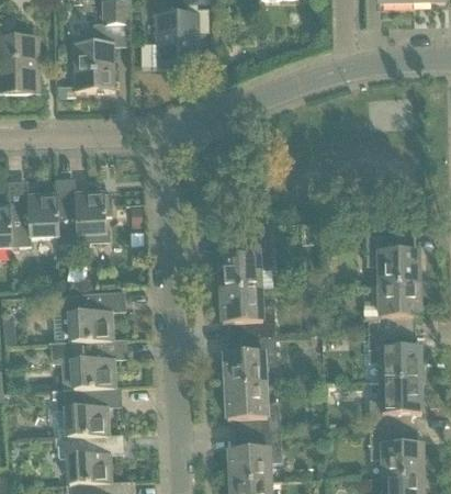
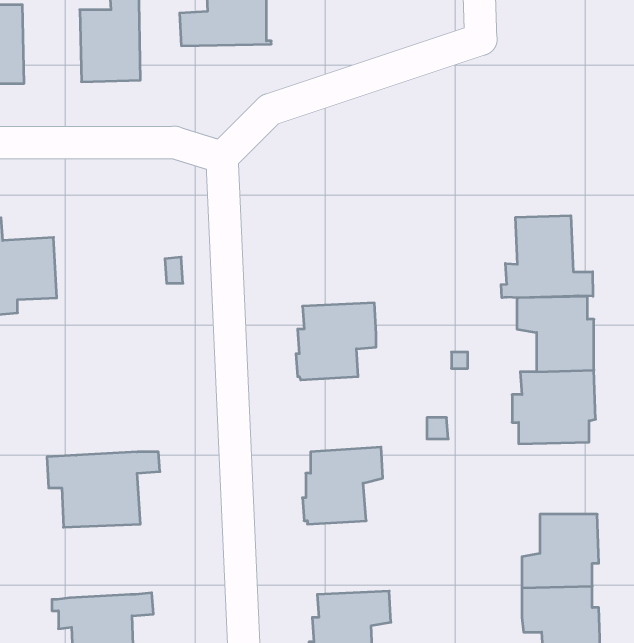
building: [55,179,111,247] -> none
building: none -> [501,216,593,298]
building: [219,288,275,338] -> none
building: [60,291,125,340] -> none
building: [368,332,420,380] -> none
building: [224,384,281,434] -> none
building: [52,385,121,436] -> none

